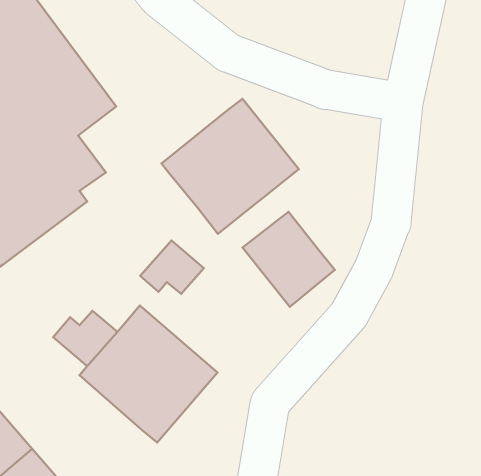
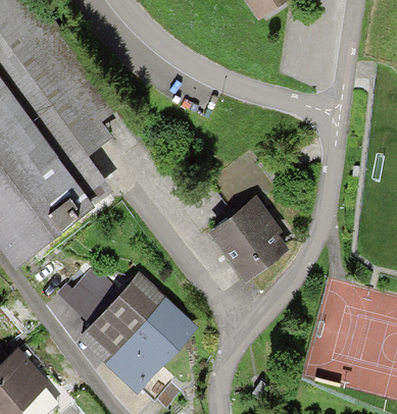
building: [162,99,299,234] -> none
building: [140,241,204,294] -> none

